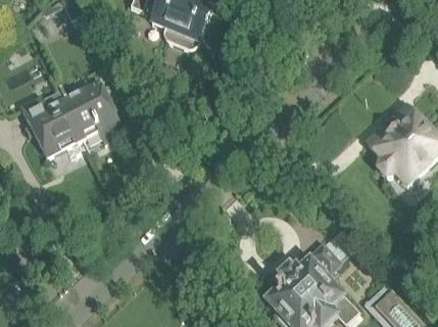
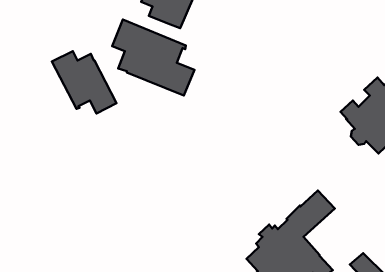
building: none -> [112,19,195,95]
building: [19,87,83,157] -> none

